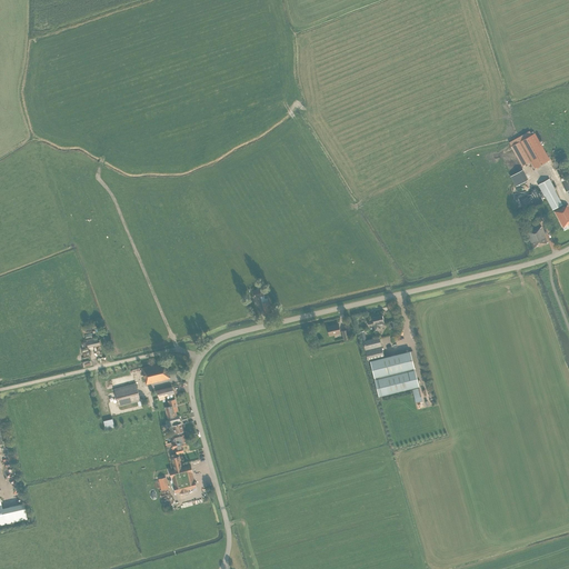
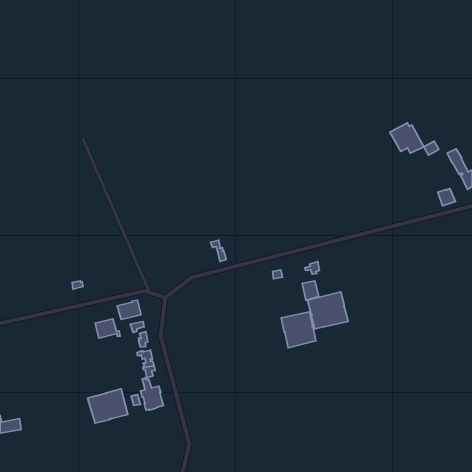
building: [509,131,550,168] -> [390,123,424,153]
building: none -> [281,312,316,348]
building: none -> [88,389,128,423]

